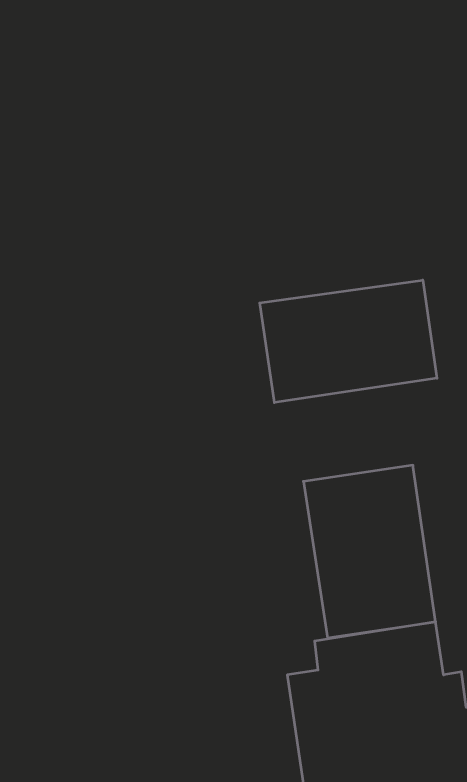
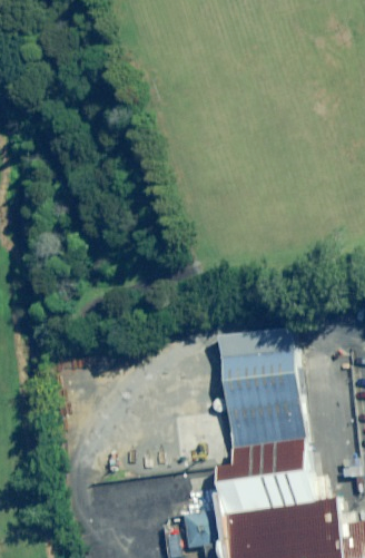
building: [260,280,437,403] -> none

